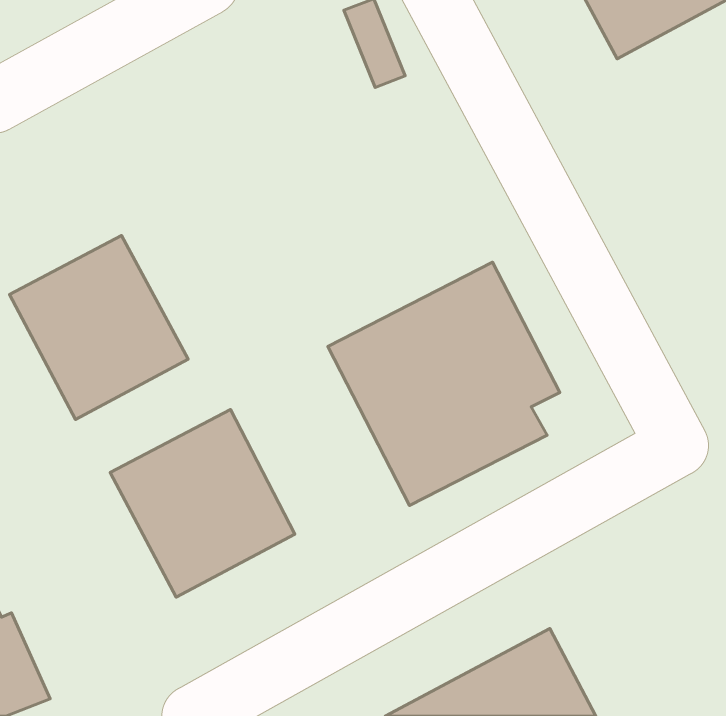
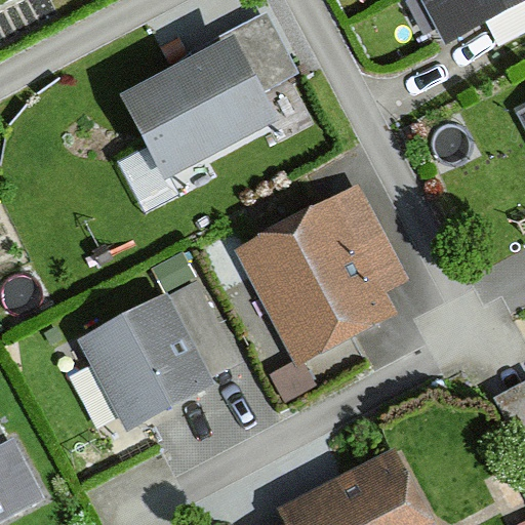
building: none -> [126,40,280,178]
building: [9,235,188,419] -> none

